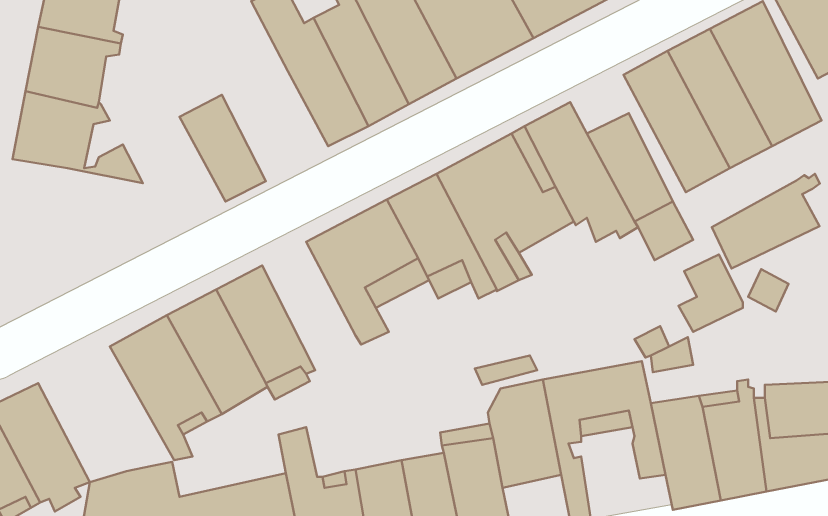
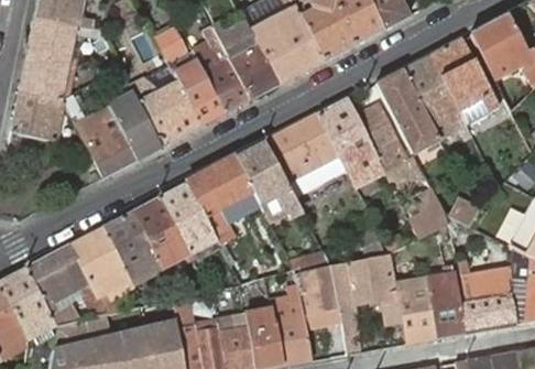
building: none -> [132,79,200,145]
building: none -> [64,94,139,176]
building: [712,174,820,268] -> none
building: none -> [161,182,217,259]
building: none -> [26,245,108,326]

